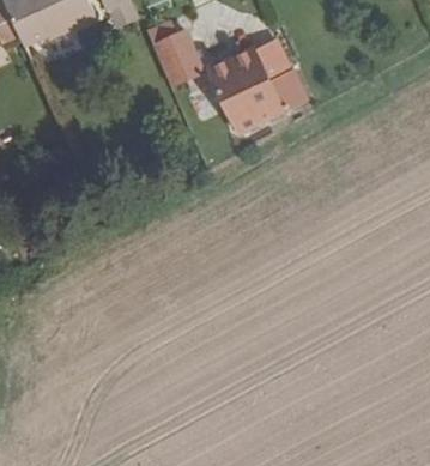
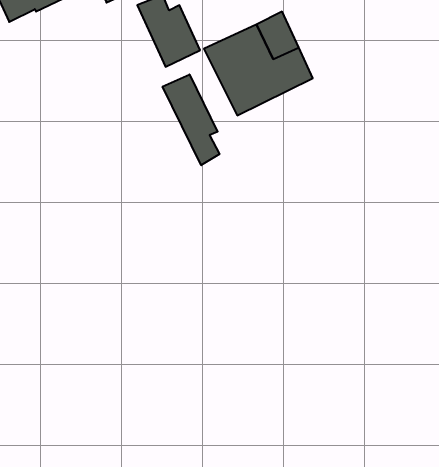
building: none -> [163,74,219,165]

